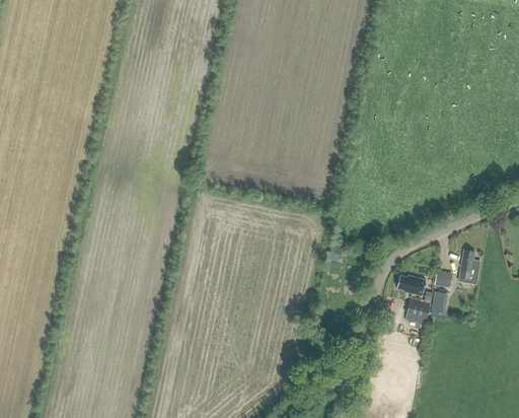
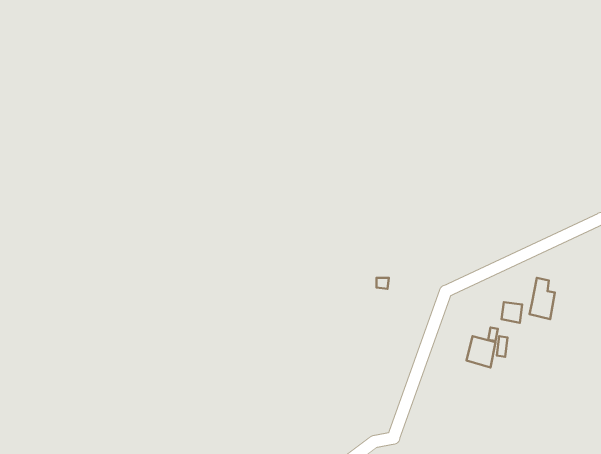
building: [396,275,426,295] -> none

